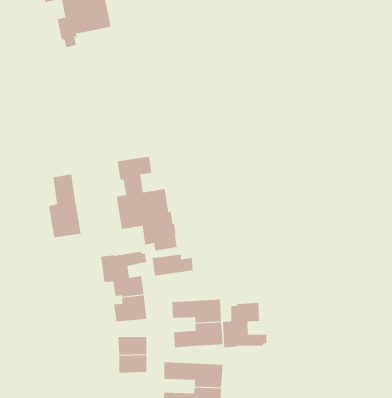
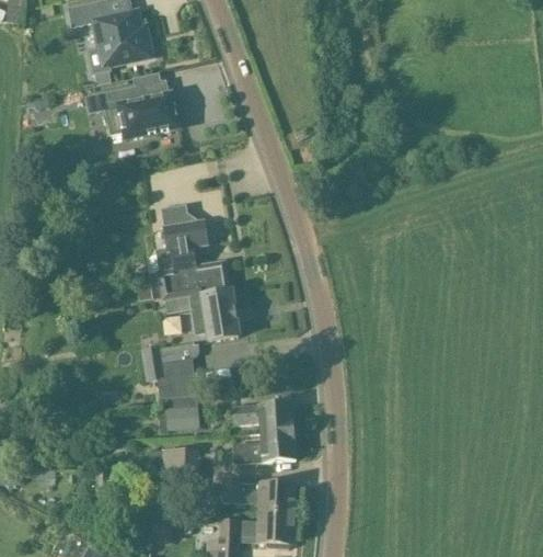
building: none -> [105,78,177,137]
building: [48,174,81,238] -> none
building: [152,254,193,276] -> none
building: [223,302,267,348] -> none

